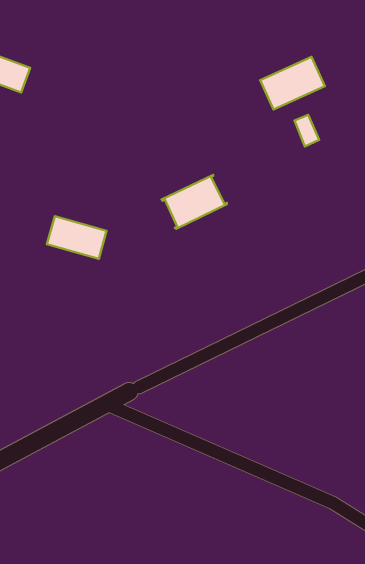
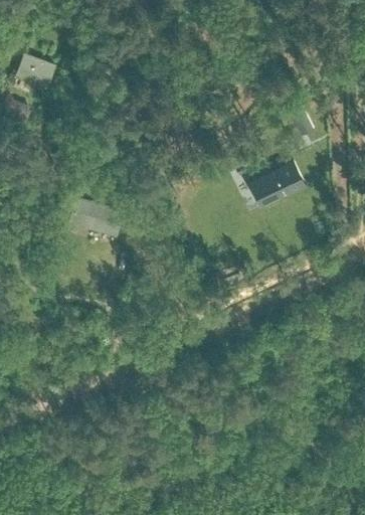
building: [260,57,325,109] -> none
building: [161,175,227,229] -> [248,160,307,208]

